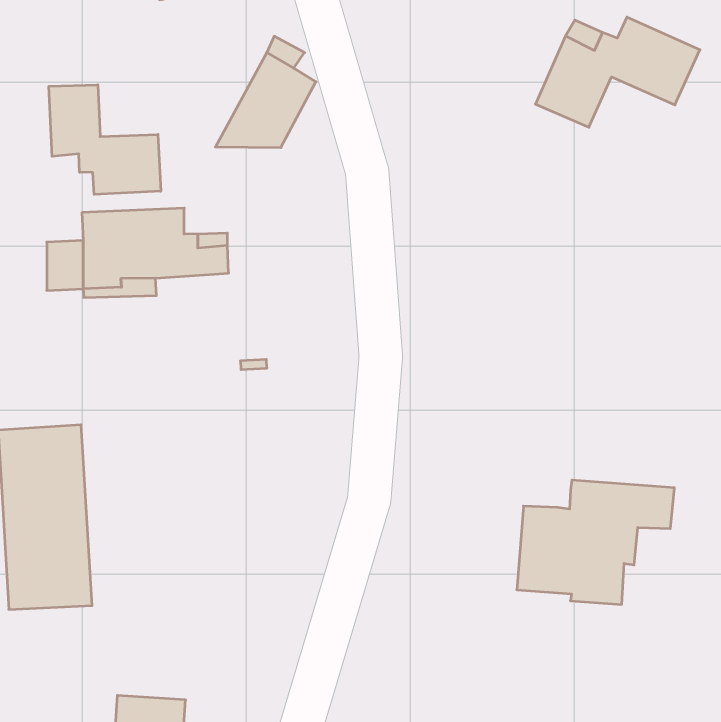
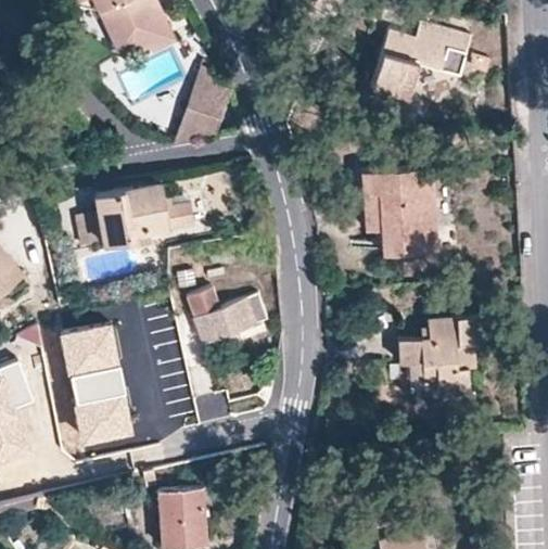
building: [49,85,161,194] -> none
building: none -> [360,167,435,254]
building: none -> [186,288,268,343]

